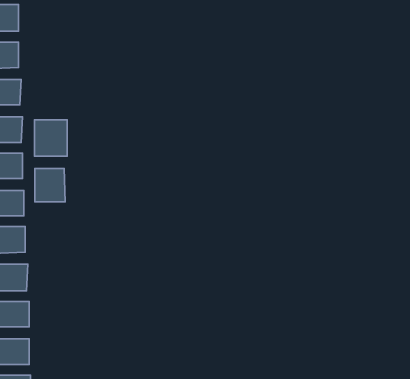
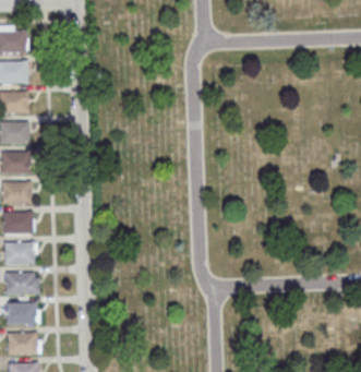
building: [34,120,67,156] -> none
building: [35,169,65,202] -> none

